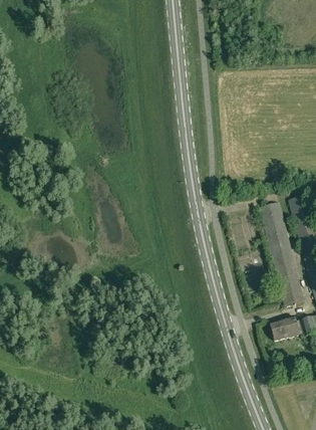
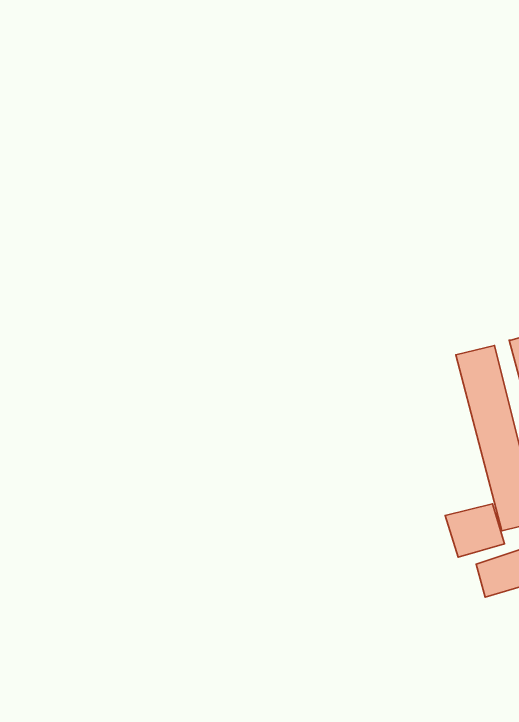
building: none -> [445,504,504,557]

